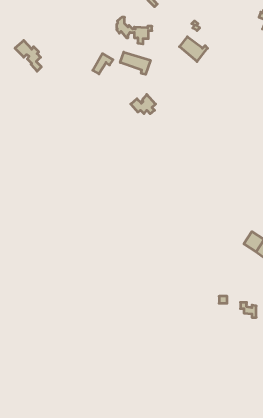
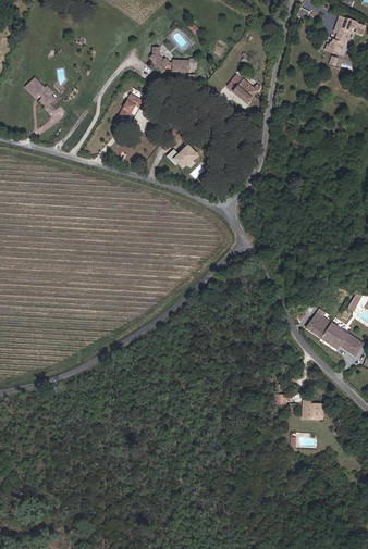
building: [120,52,150,74] -> none

